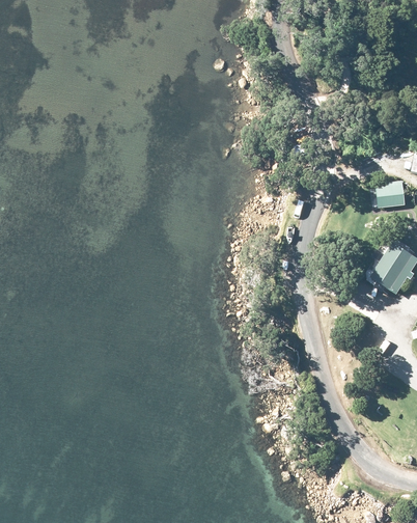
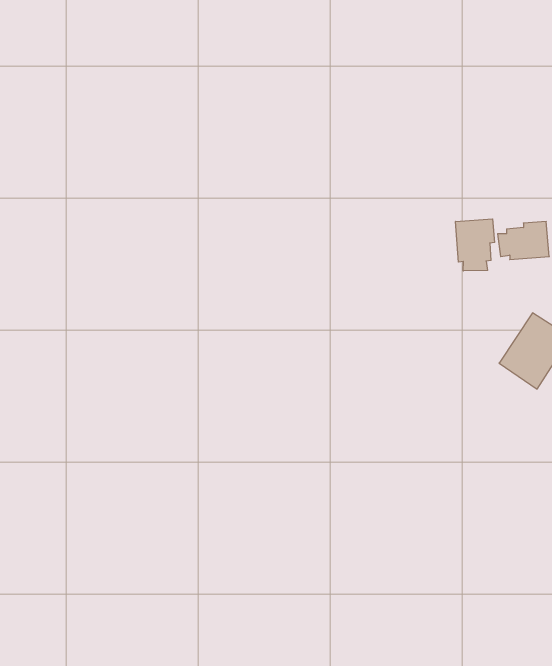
building: none -> [456,219,495,271]

